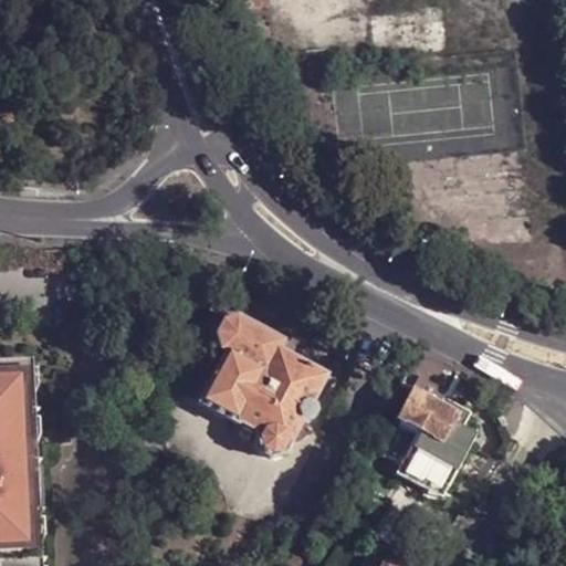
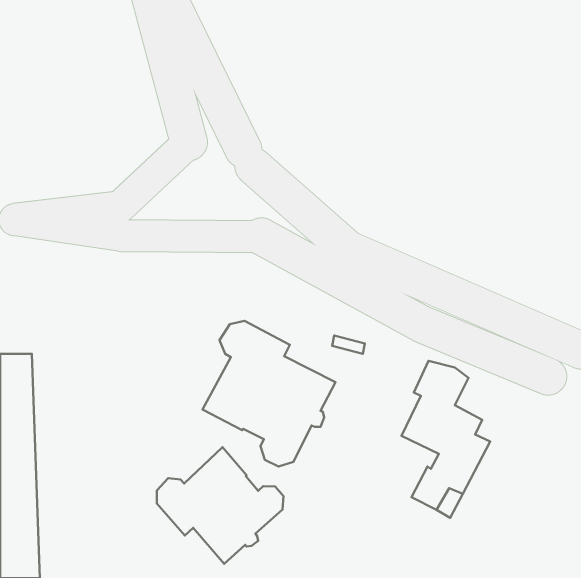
building: none -> [157,447,283,564]

